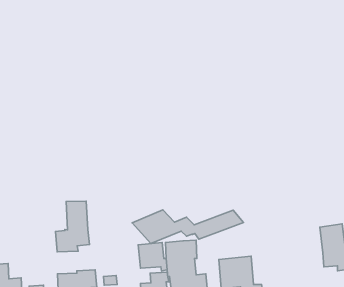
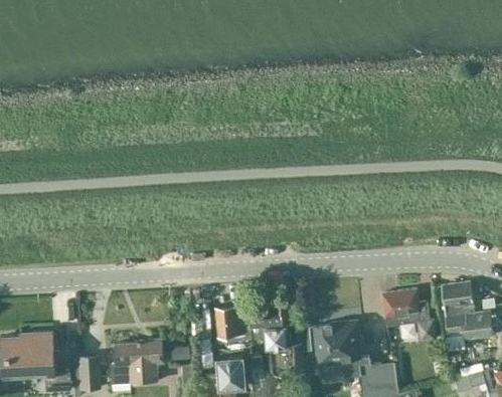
building: [56,201,89,252] -> none
building: [132,210,243,244] -> none
building: none -> [381,289,436,344]

